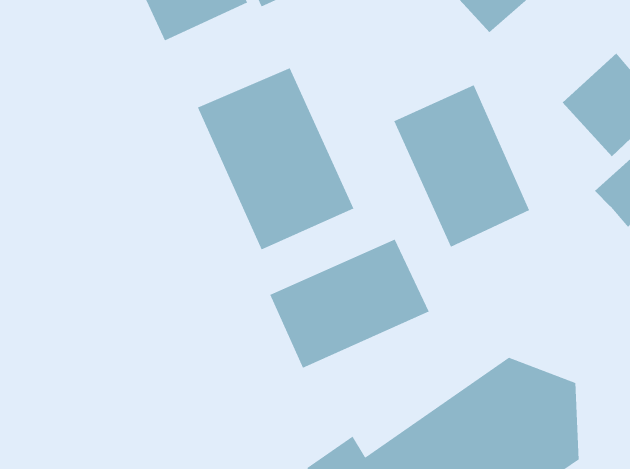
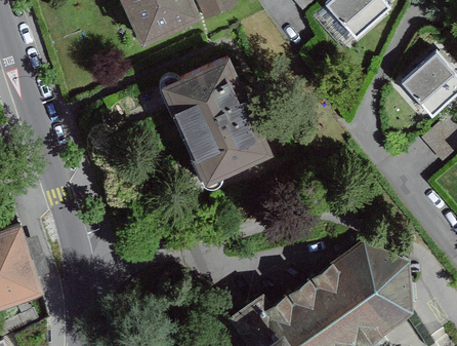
building: [393,84,530,248] -> none
building: [269,238,430,369] -> none

